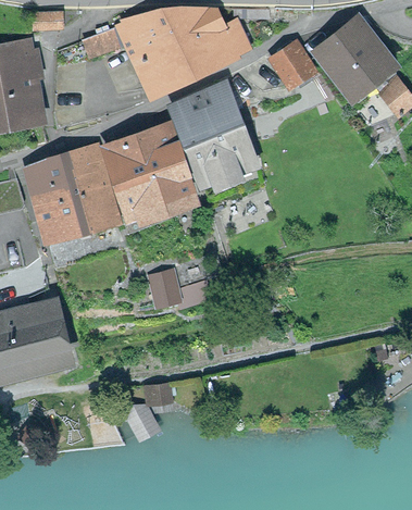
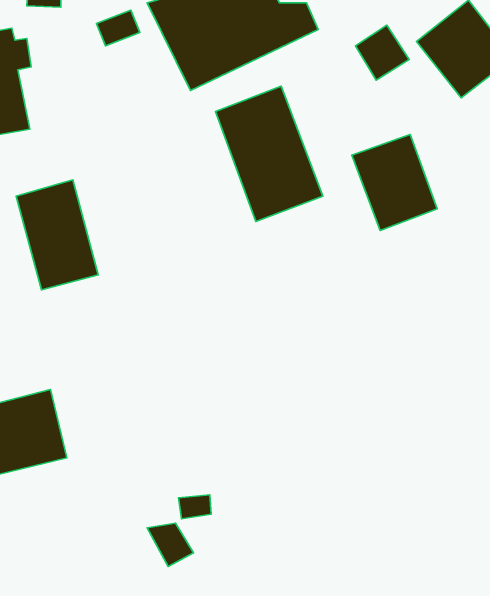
building: none -> [352,135,437,230]
building: [104,126,191,216] -> none
building: [68,149,118,224] -> none
building: [150,271,207,306] -> none

